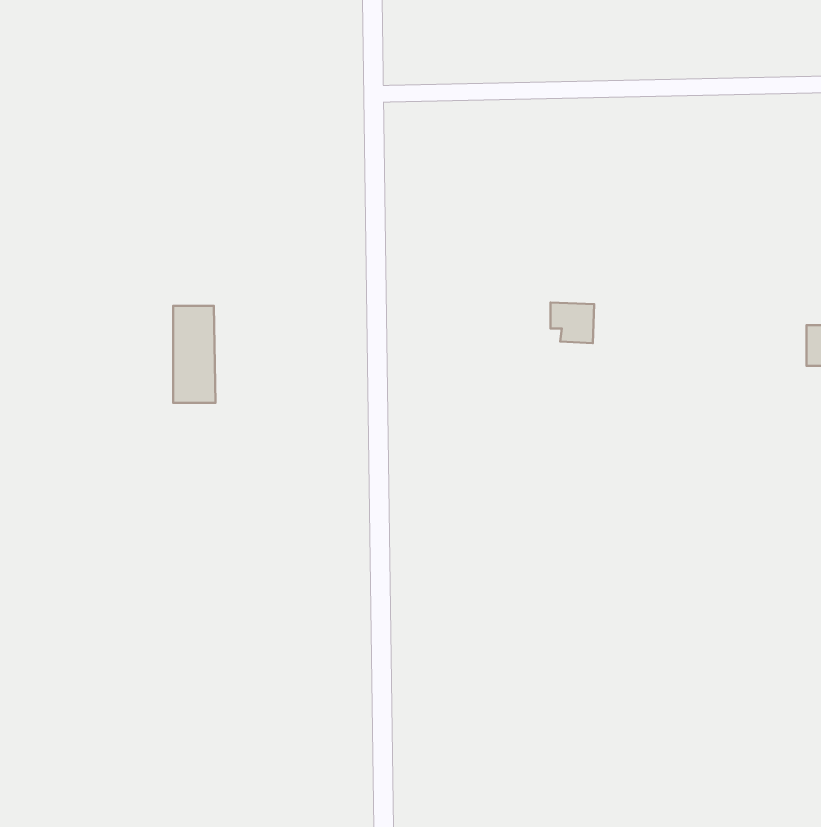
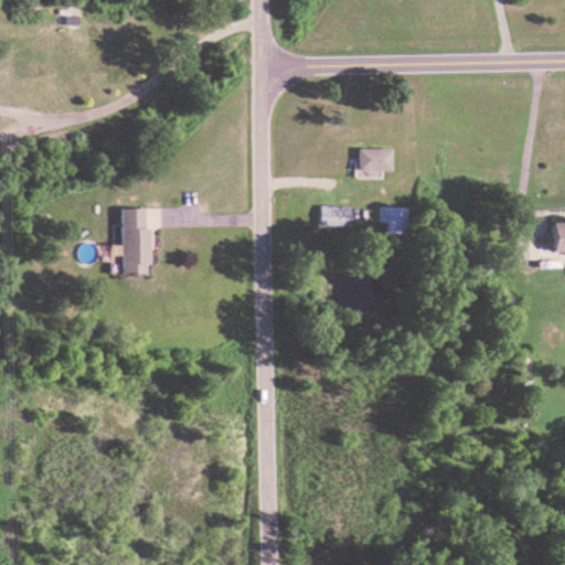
building: none -> [359,148,393,171]
building: none -> [320,206,353,226]

